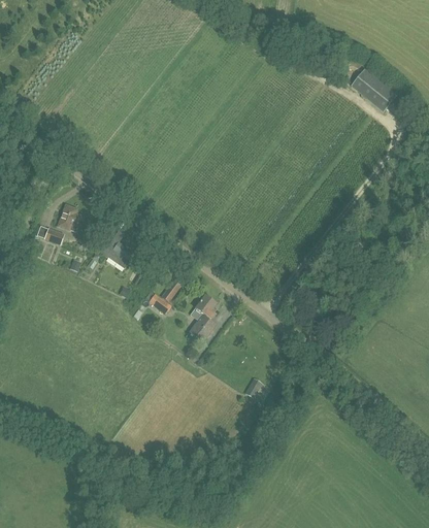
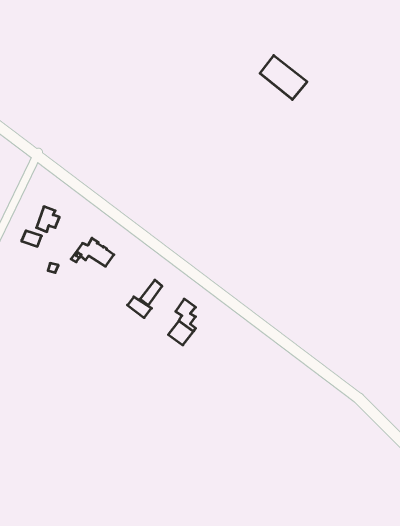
building: [351,68,397,111] -> [260,55,307,100]

